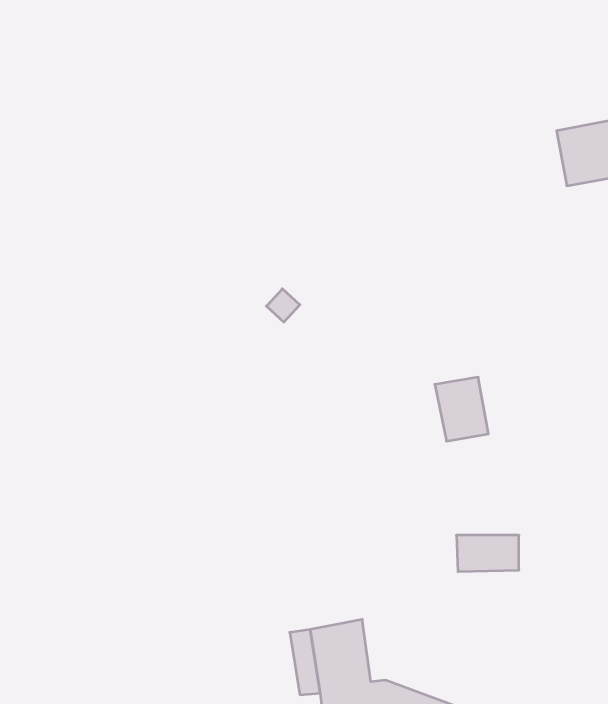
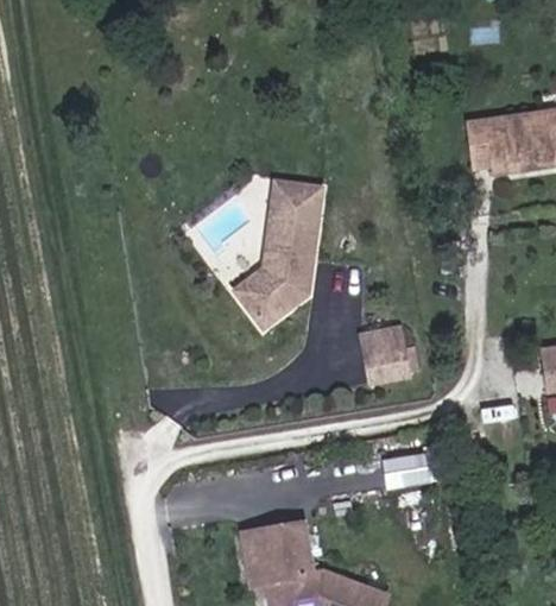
building: none -> [240,189,322,322]

